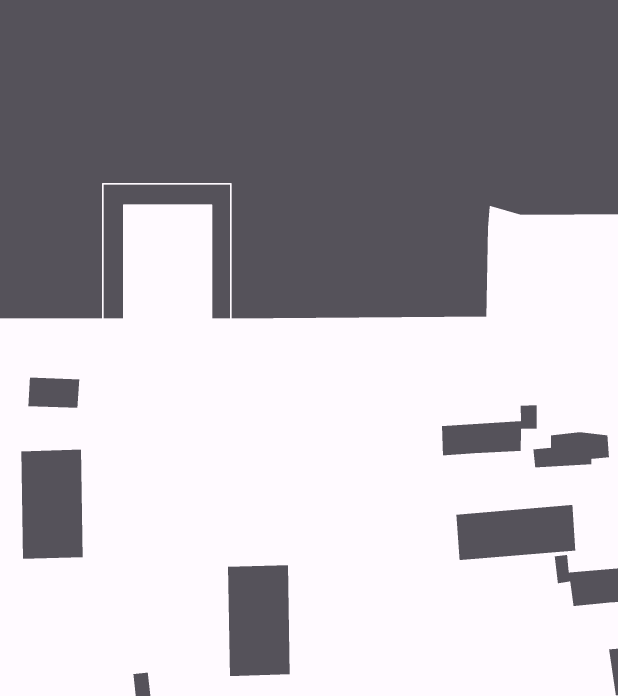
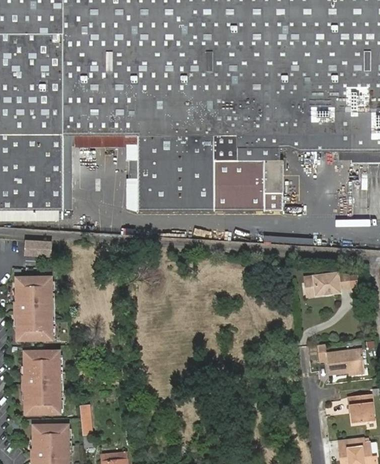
building: [441,405,537,456] -> none
building: [456,504,576,561] -> none
building: [227,564,290,677] -> [23,353,59,417]

